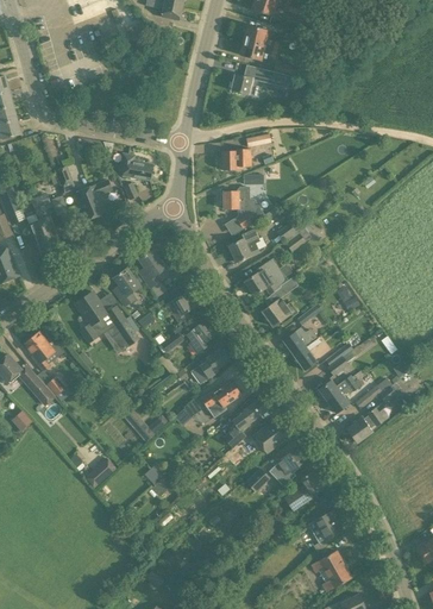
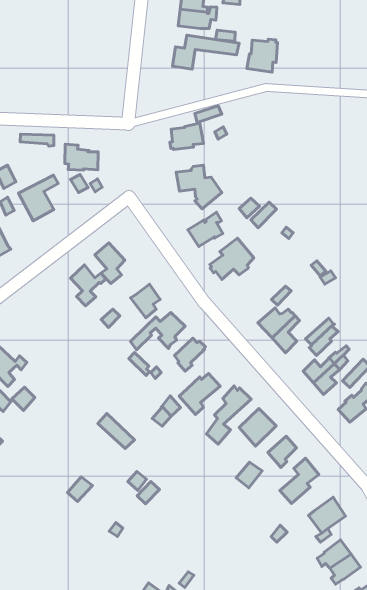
building: none -> [247,39,277,72]
building: [262,276,297,326] -> none
building: [75,291,139,351] -> none

